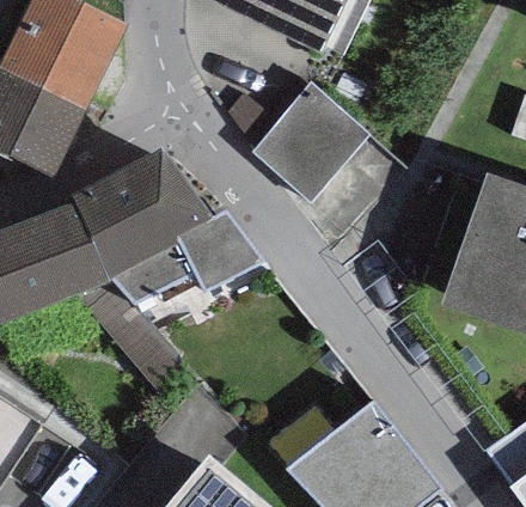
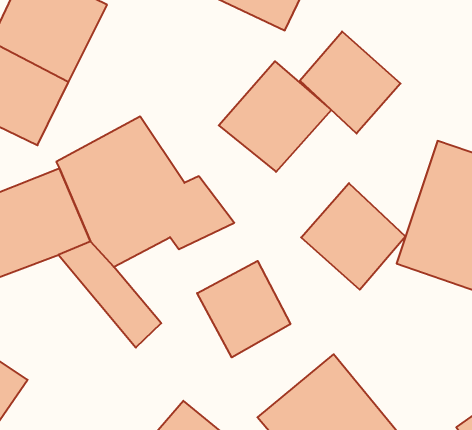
building: none -> [300,31,401,134]
building: none -> [301,183,406,290]
building: none -> [197,261,290,357]

